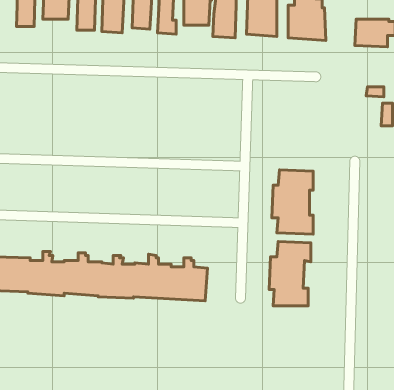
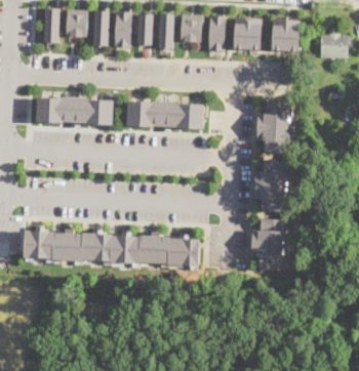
building: none -> [37,95,114,127]
building: none -> [130,97,200,130]
building: none -> [256,101,292,153]

